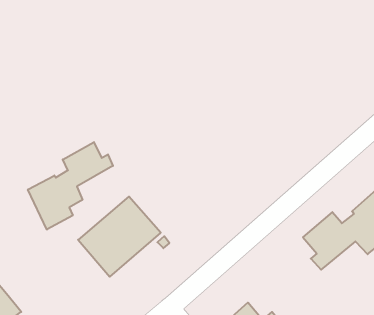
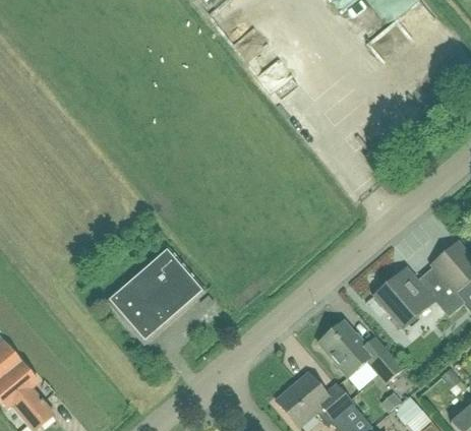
building: [28,142,113,230] -> none
building: none -> [318,320,402,381]

